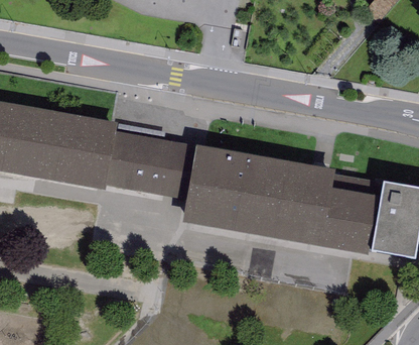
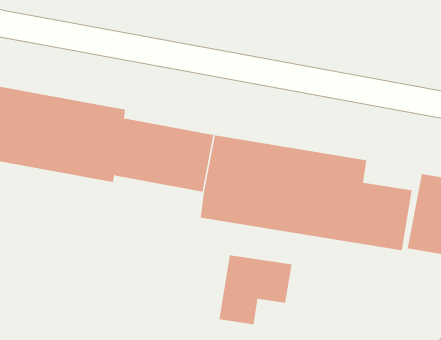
building: none -> [219,255,292,325]

